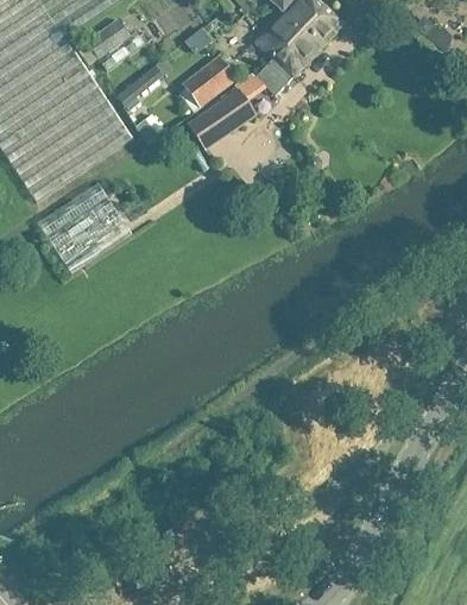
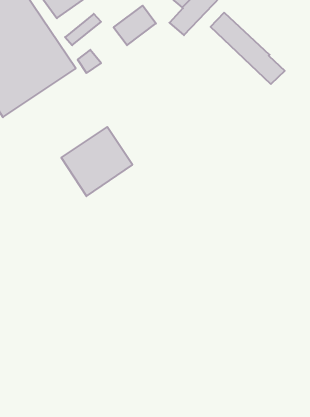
building: none -> [211,13,285,84]
building: [185,86,255,149] -> none
building: [37,181,131,272] -> [61,127,132,196]

